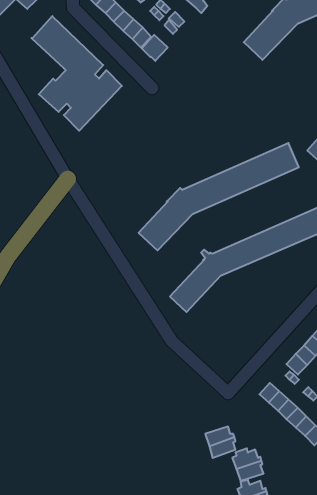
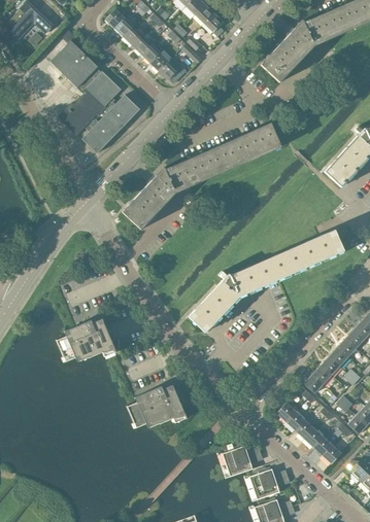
building: [139,143,299,250] -> [122,124,280,230]
building: none -> [56,319,116,362]
building: none -> [127,385,187,428]

